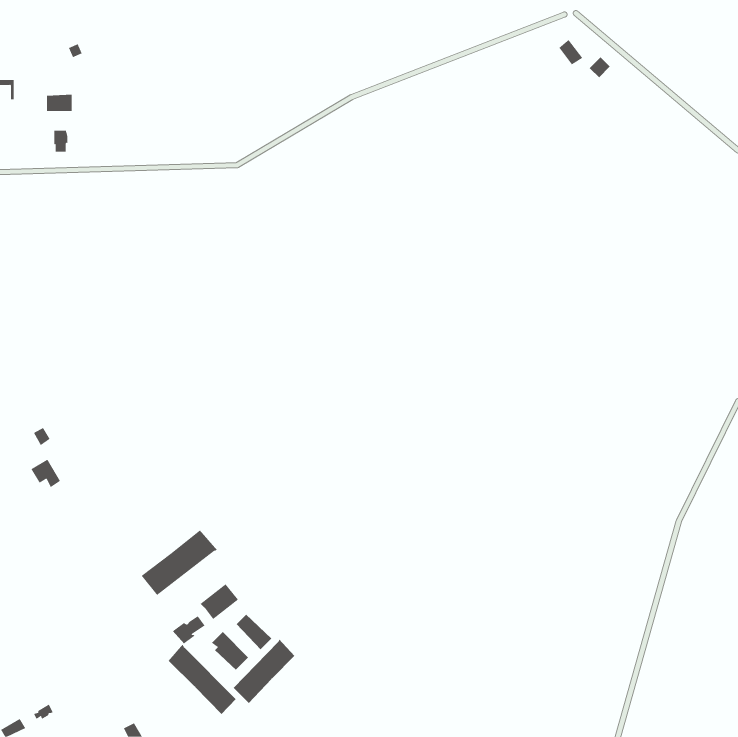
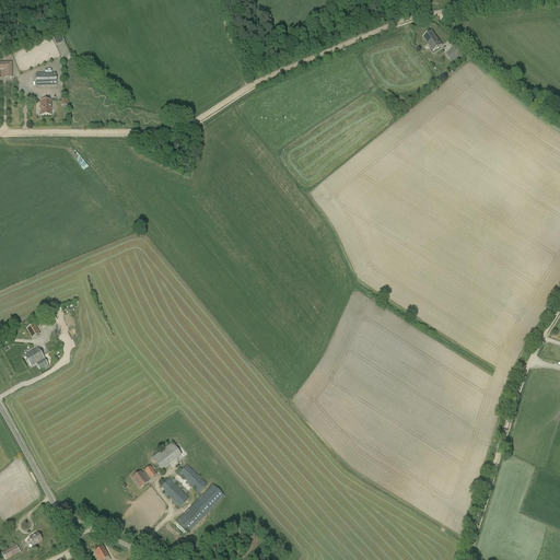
building: [141,529,218,596] -> none
building: [168,644,237,715] -> none

